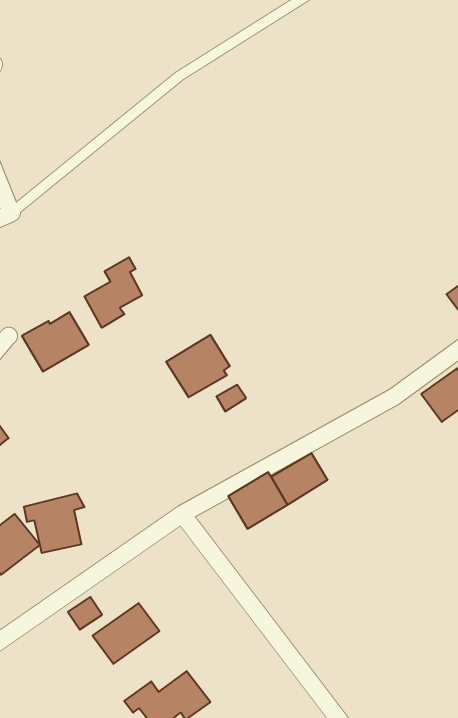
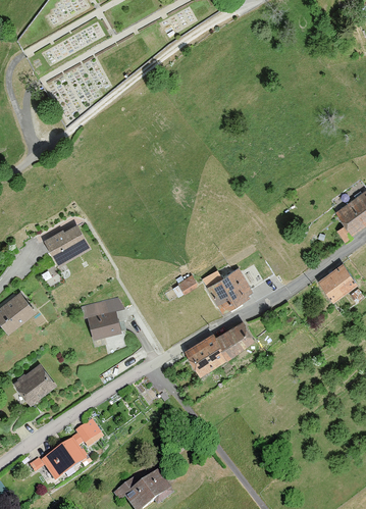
building: [84,257,142,328] -> none
building: [166,335,230,397] -> [207,268,251,311]
building: [24,494,85,553] -> [81,298,122,339]
building: [93,603,159,664] -> [41,439,87,480]

